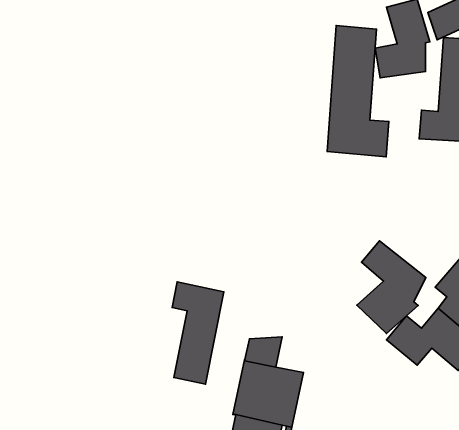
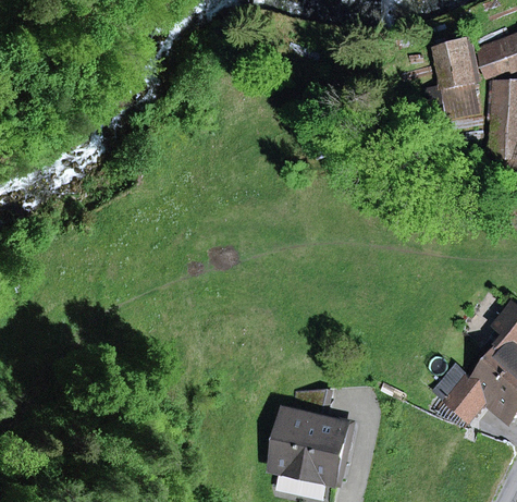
building: [327,26,389,157] -> none
building: [357,241,426,333] -> none
building: [172,282,224,384] -> none

